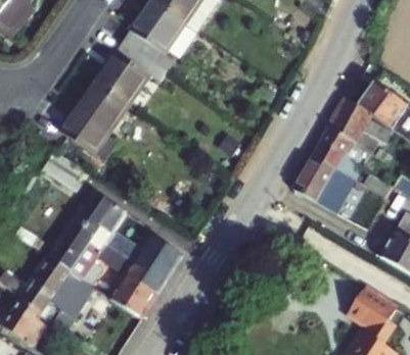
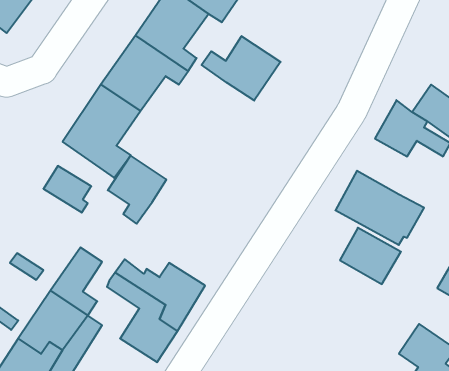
building: none -> [202,36,281,101]
building: [311,128,363,175] -> [340,228,401,284]
building: [75,191,125,249] -> [108,156,166,224]

